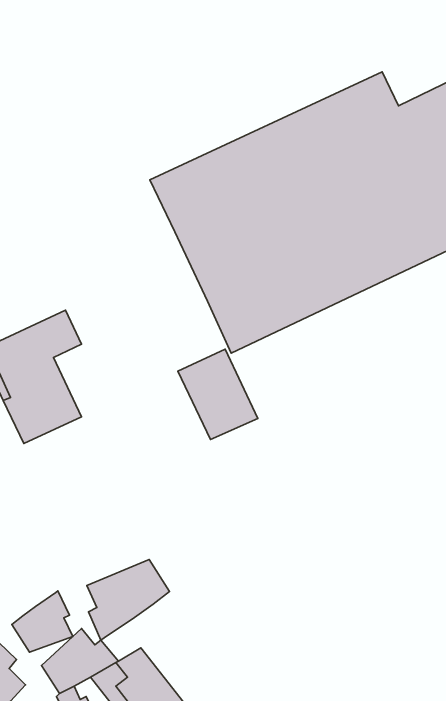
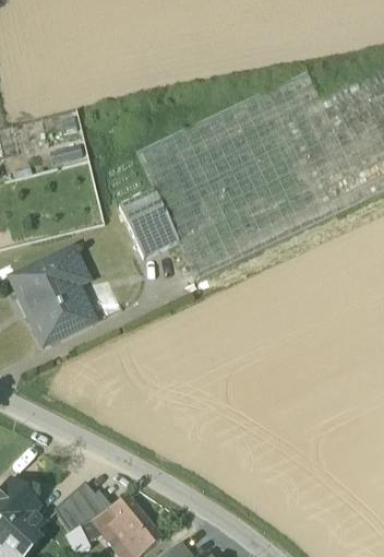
building: [178,349,258,439] -> [119,189,178,256]
building: [87,560,170,640] -> none
building: [12,591,73,652] -> none

